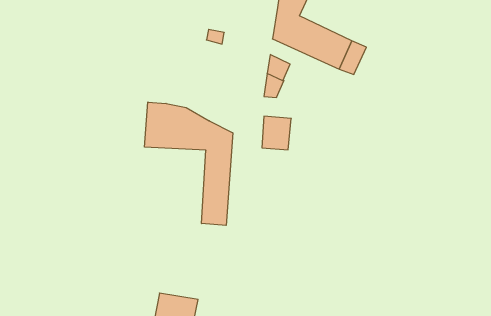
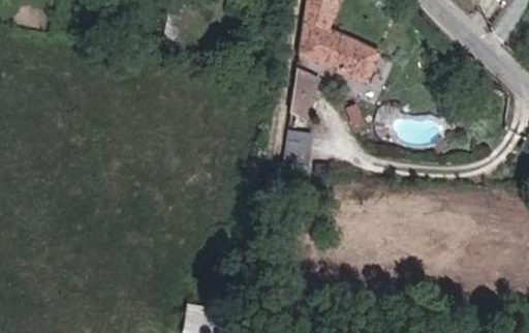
building: [145,102,233,225] -> none

